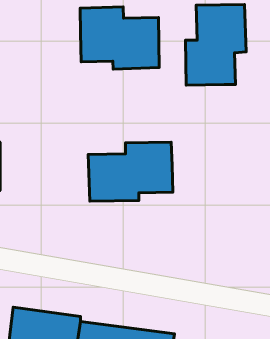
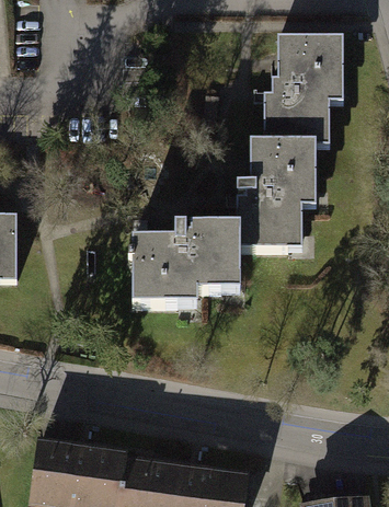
building: [80,7,159,69] -> none
building: none -> [243,143,314,250]

